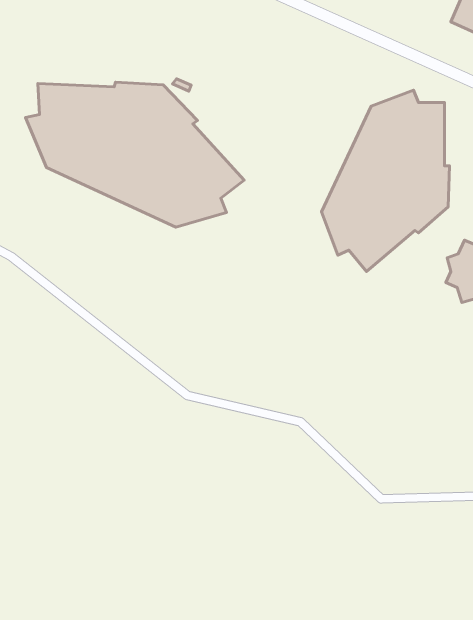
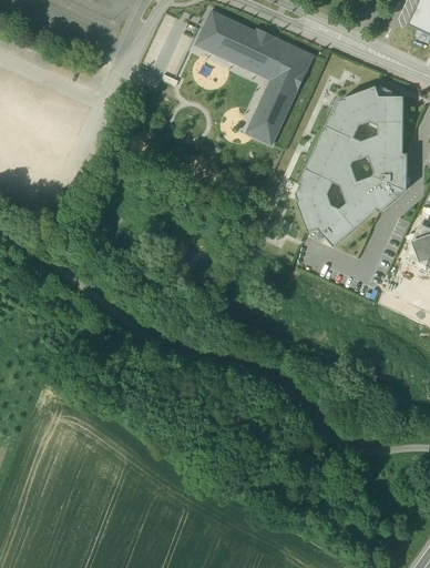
building: none -> [196,10,314,143]
building: [26,82,244,227] -> none

